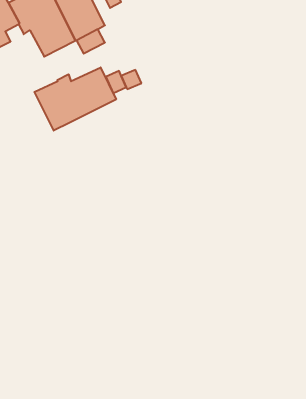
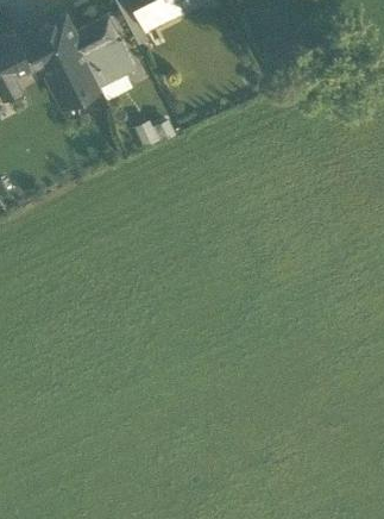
building: [34,67,116,131] -> none

